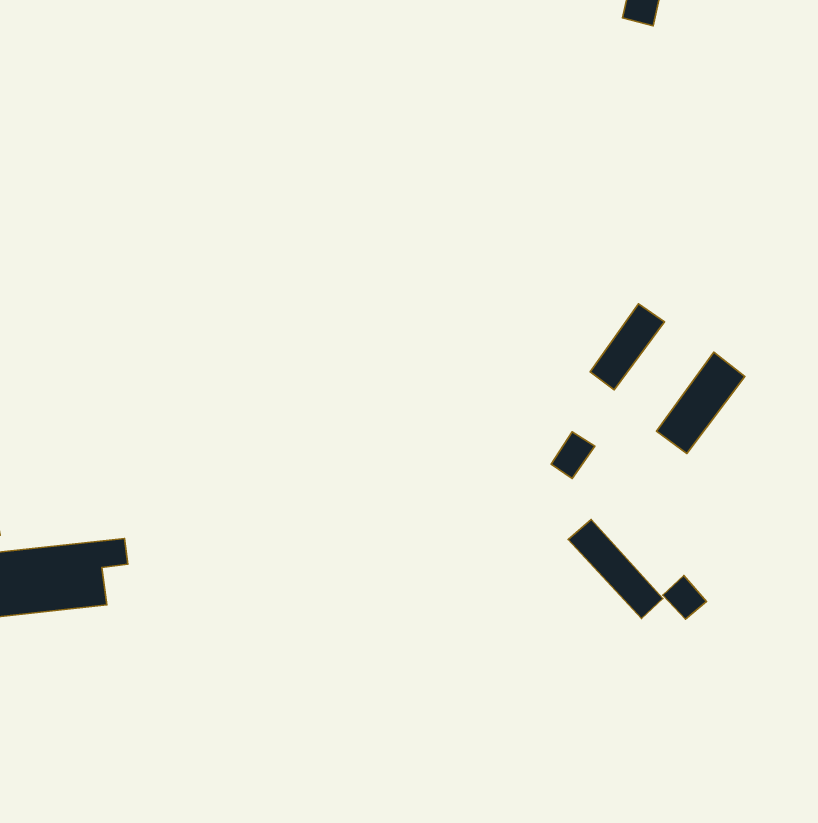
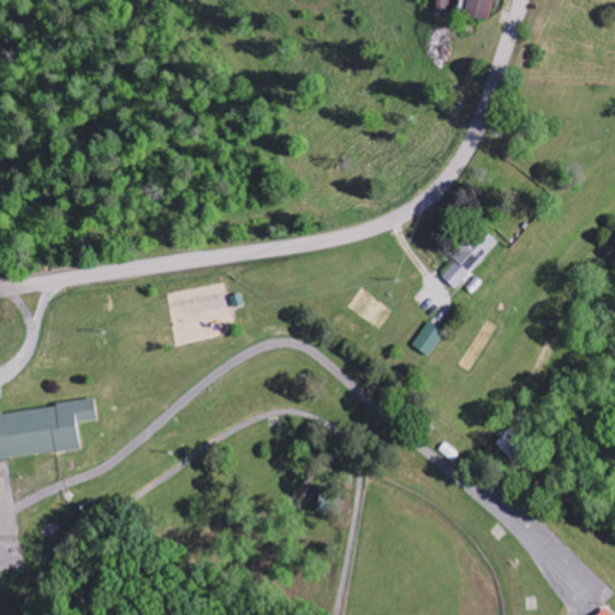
building: [657,352,745,453] -> none
building: [568,520,663,618] -> none

